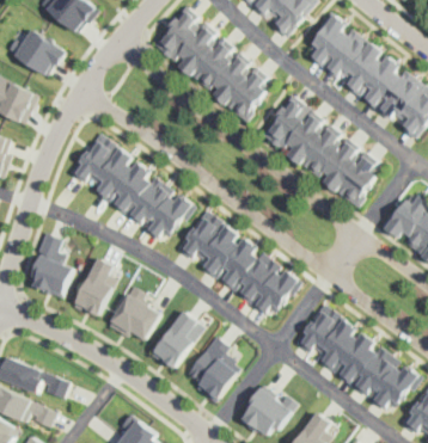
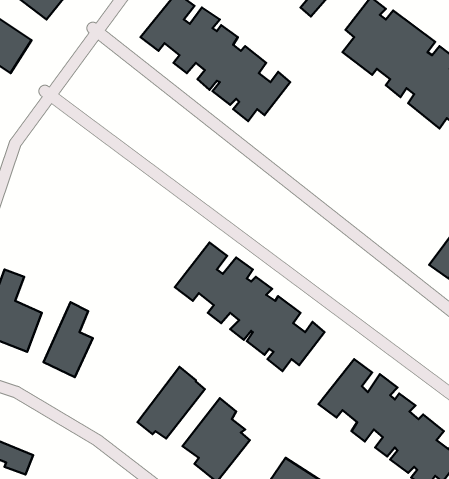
building: [262,97,381,199] -> none
building: [68,134,188,236] -> none
building: [110,294,159,342] -> none

